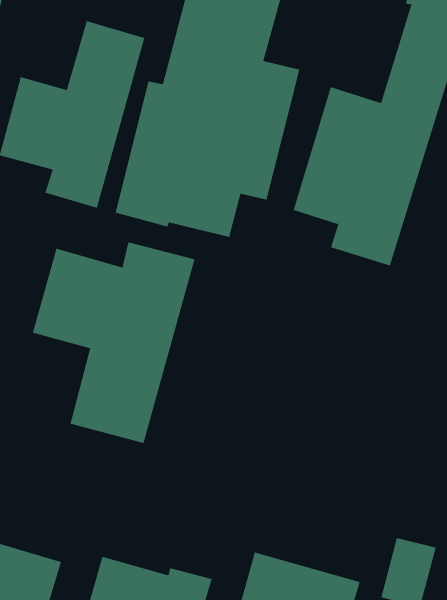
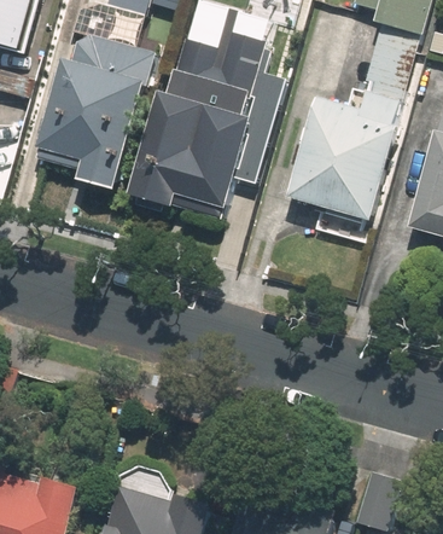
building: [32,241,195,444] -> none

